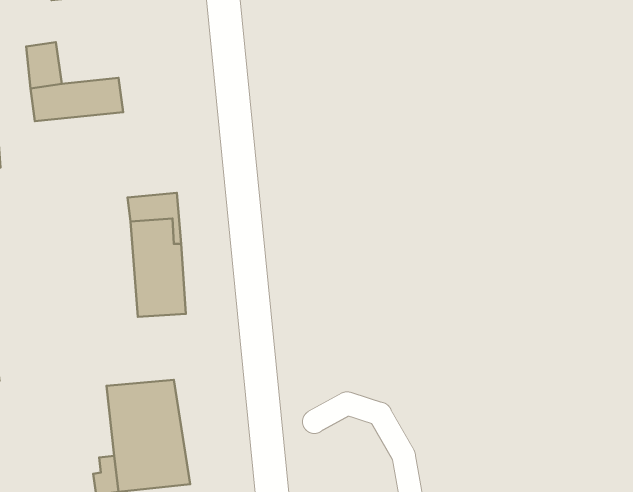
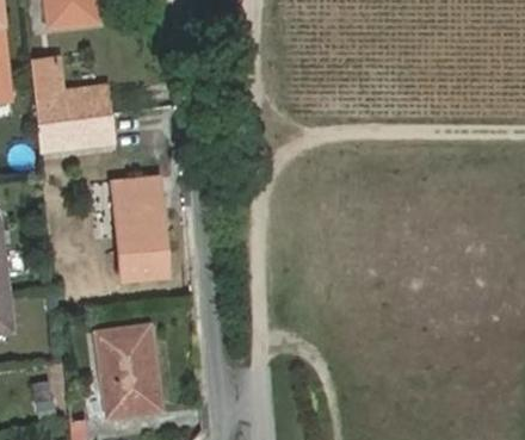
building: none -> [39,114,112,150]

